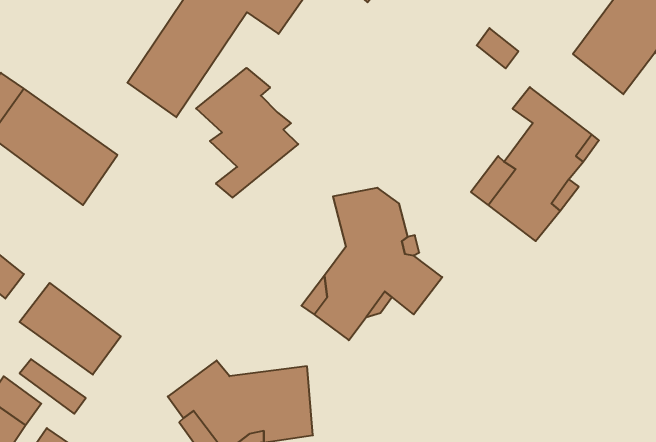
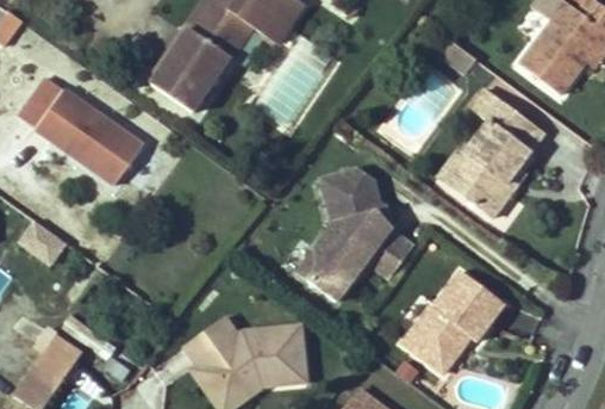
building: [196,68,298,198] -> none
building: [20,283,121,375] -> none
building: none -> [401,271,503,374]

